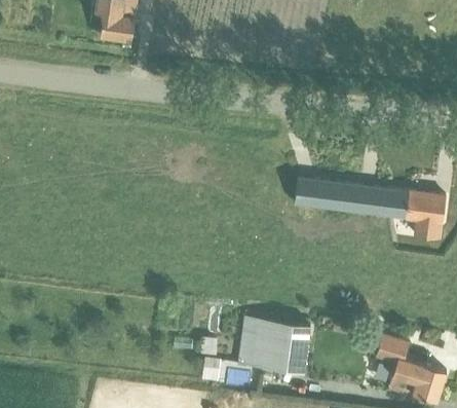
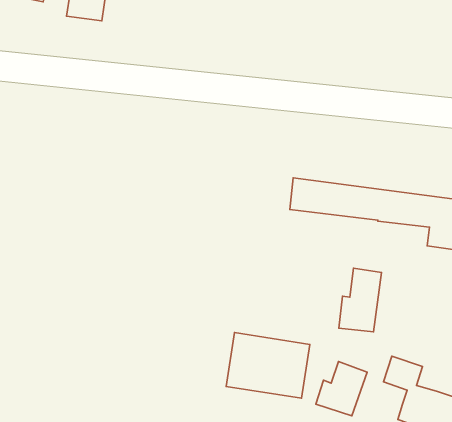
building: none -> [339,268,381,332]
building: none -> [316,362,367,416]

